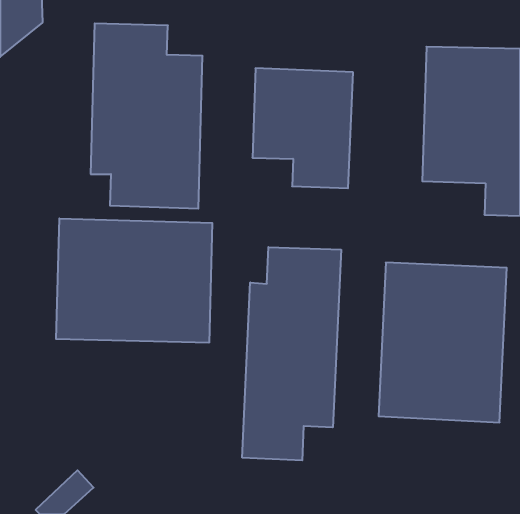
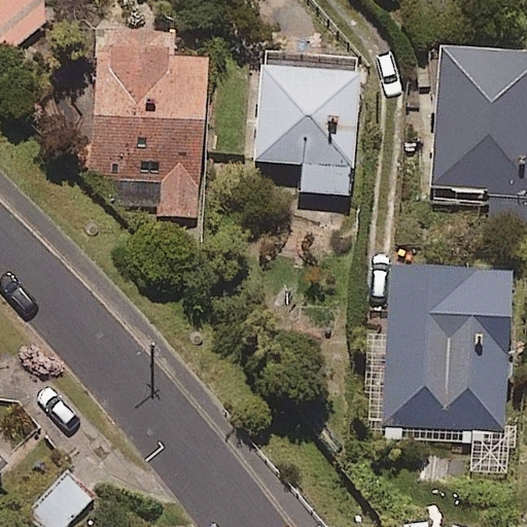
building: [56,218,212,343] -> none
building: [242,247,341,460] -> none

